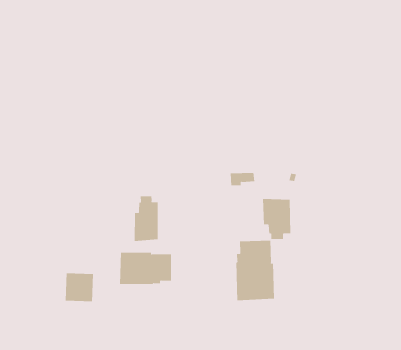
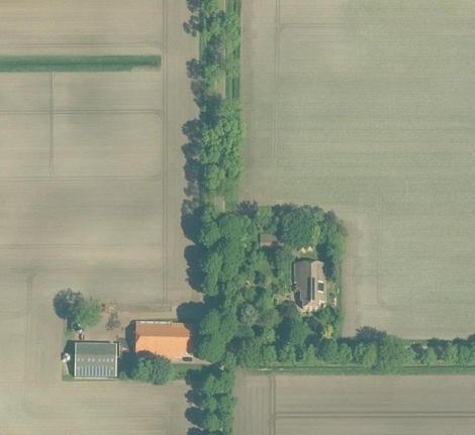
building: [134,195,158,242] -> none
building: [236,240,274,301] -> none

